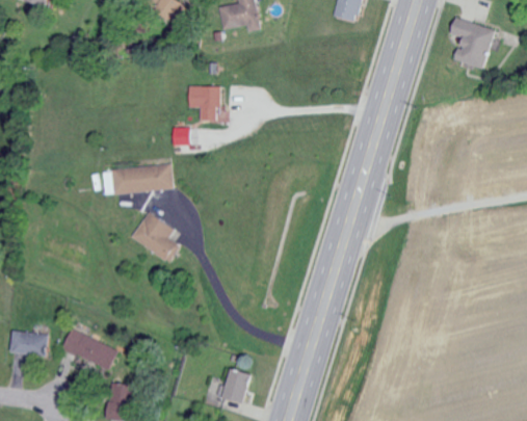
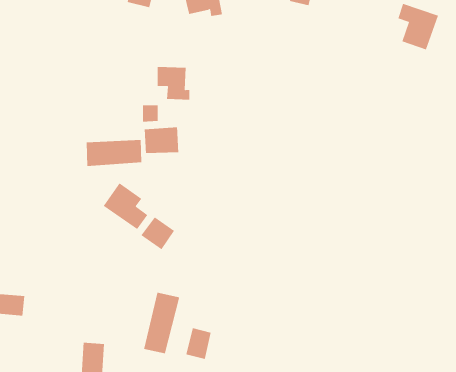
building: none -> [144,127,179,154]
building: none -> [141,217,175,250]
building: [59,327,116,370] -> none
building: none -> [143,292,180,354]

